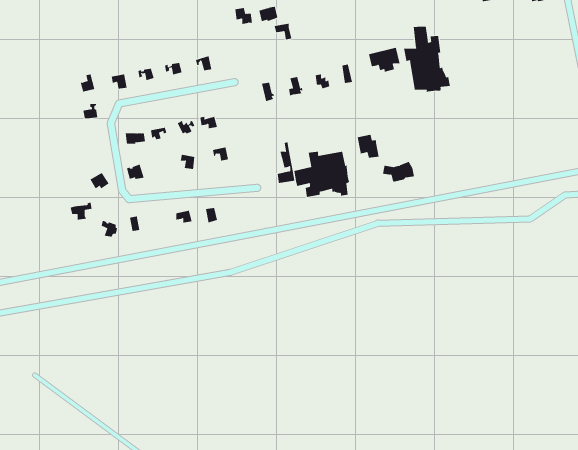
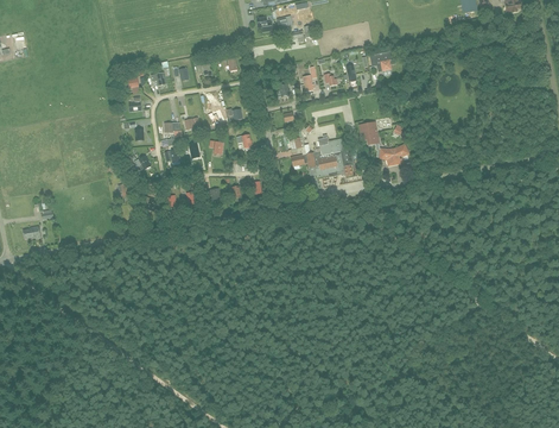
building: [404,26,450,93] -> none

